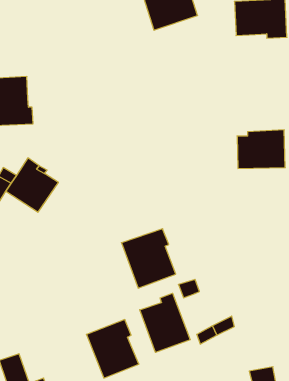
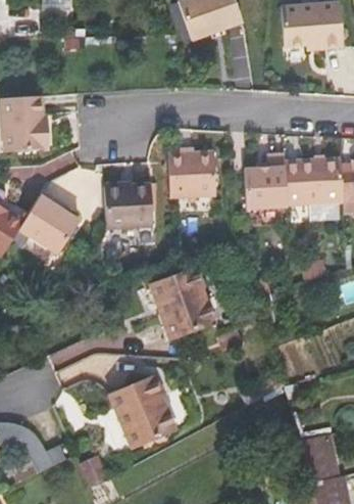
building: none -> [168,149,215,196]
building: none -> [244,153,288,207]
building: none -> [104,183,150,226]
building: [140,293,190,352] -> none

